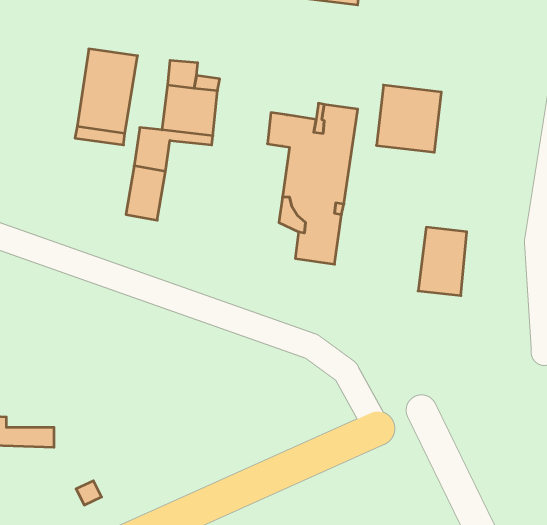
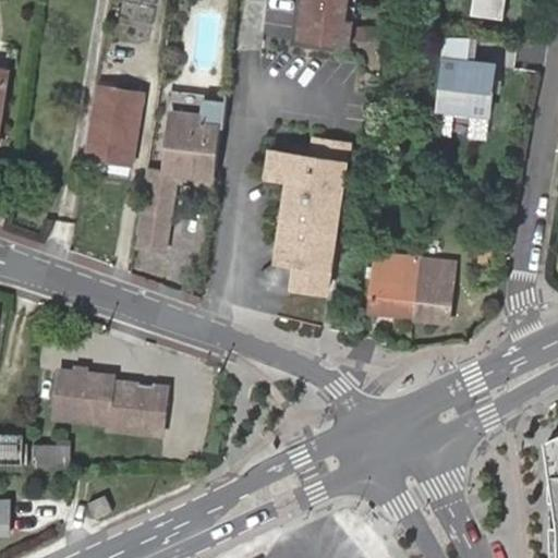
building: [376,85,441,152] -> [433,56,494,119]
building: none -> [369,252,415,316]
building: none -> [52,368,166,432]

